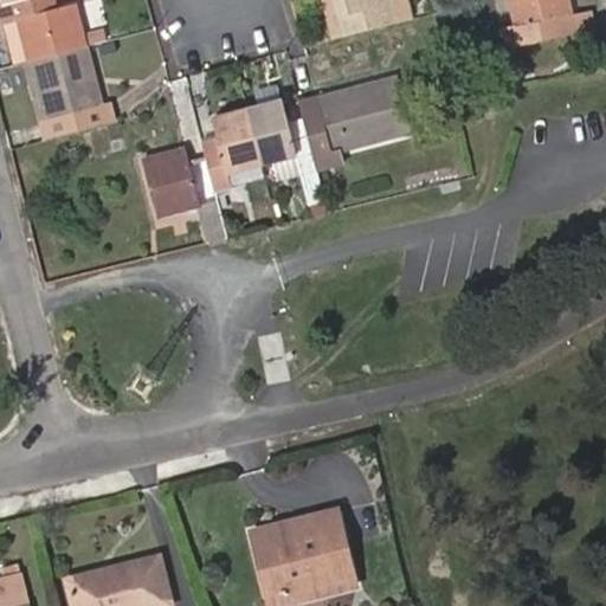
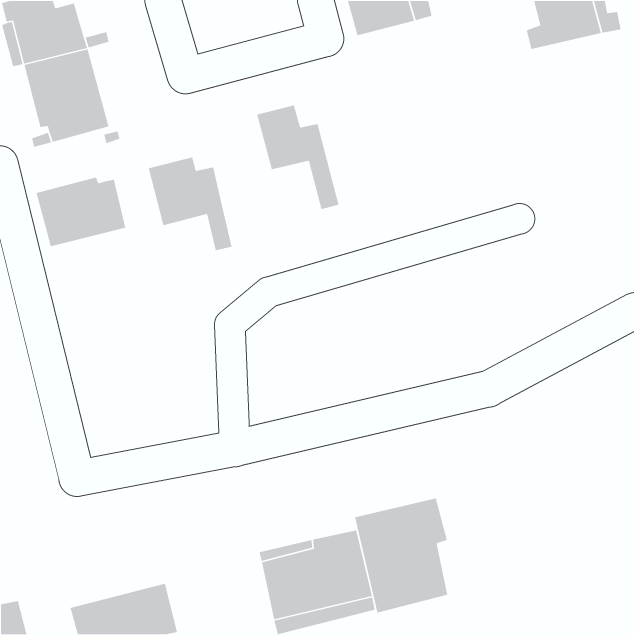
building: [304,76,411,154] -> none
building: [200,109,259,189] -> none
building: none -> [35,176,126,247]
building: none -> [354,497,448,613]

